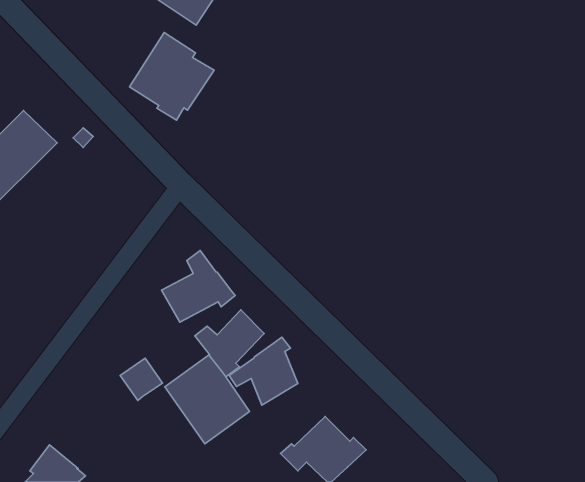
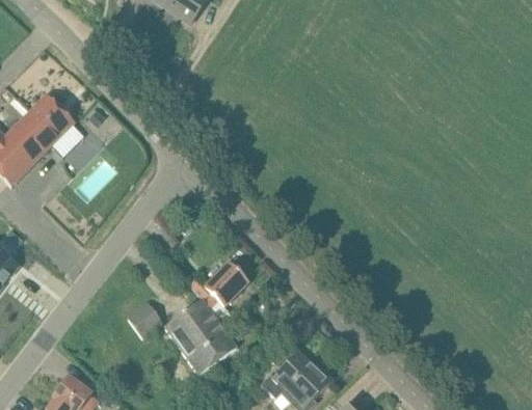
building: [130,33,214,120] -> none
building: [161,251,235,322] -> none
building: [229,337,298,405] -> none

